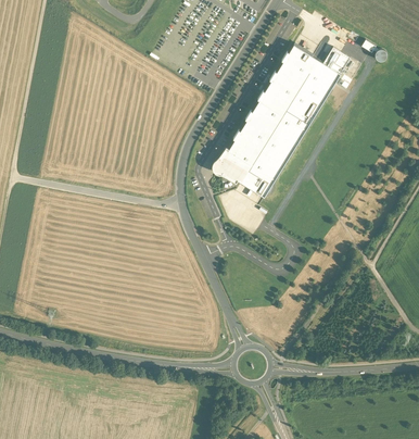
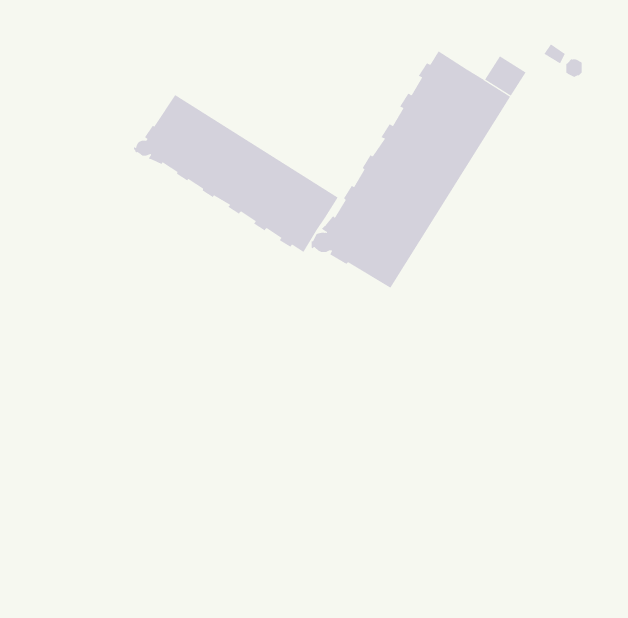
building: none -> [133,94,339,253]

